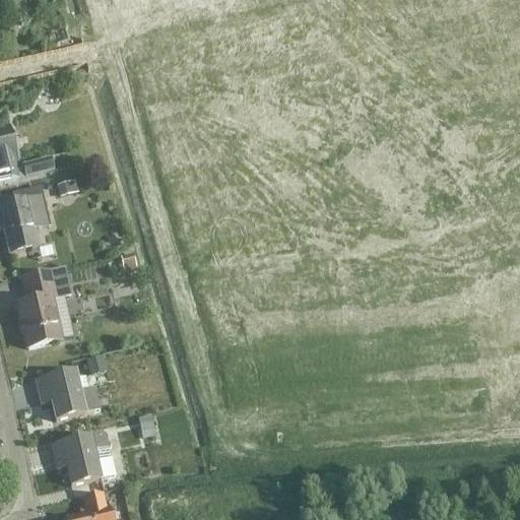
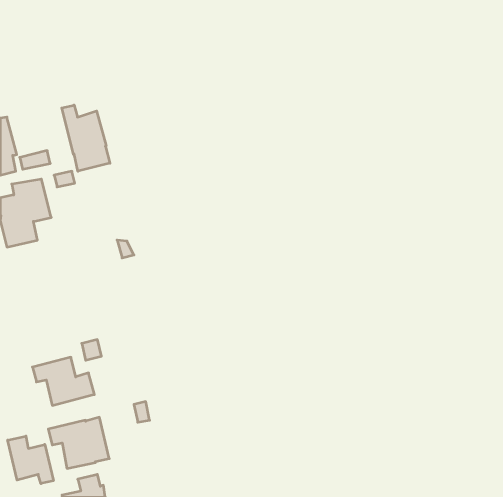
building: none -> [62,105,110,171]
building: [16,263,69,346] -> none
building: none -> [8,436,53,484]

